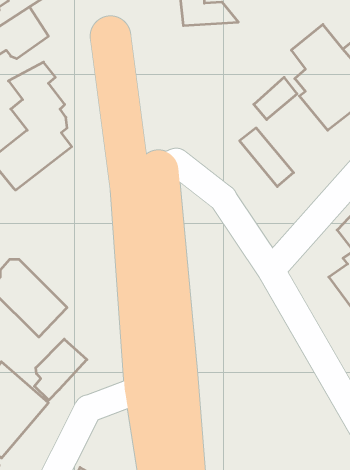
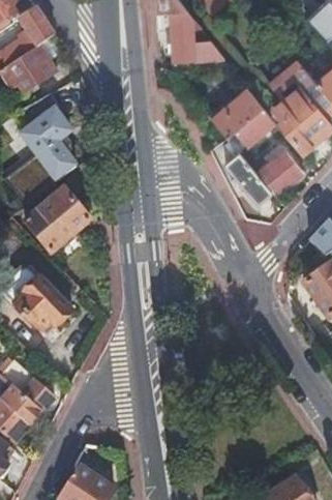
building: none -> [209,90,264,138]
building: none -> [260,150,303,194]
building: none -> [25,188,91,253]
building: [34,339,87,400] -> none

